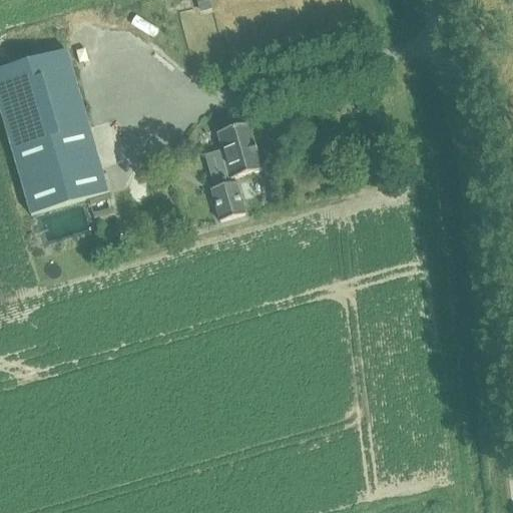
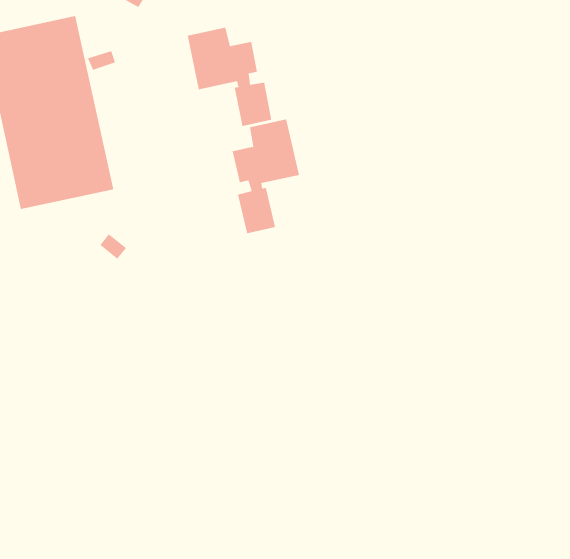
building: none -> [187,27,272,127]

